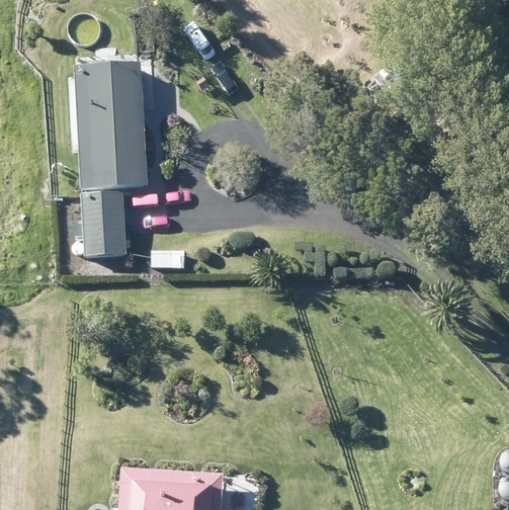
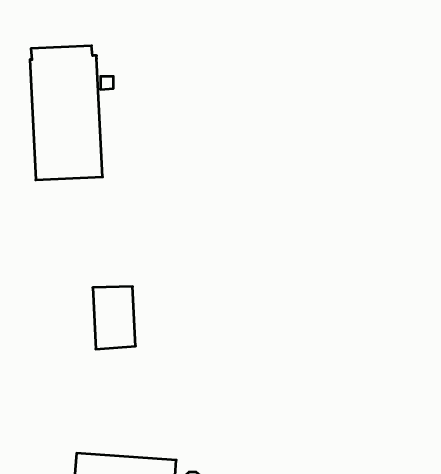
building: [82,196,125,260] -> [93,287,136,349]

